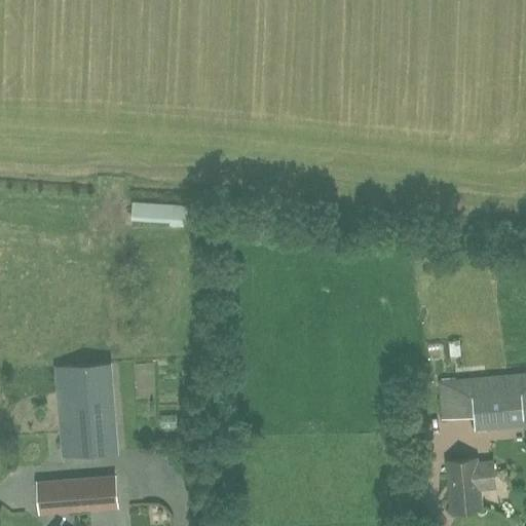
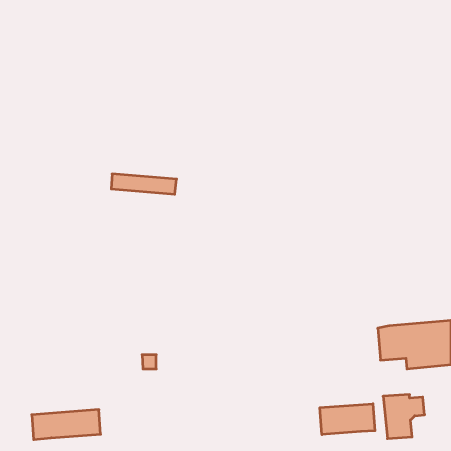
building: [55,362,118,457] -> none
building: none -> [320,404,375,435]

